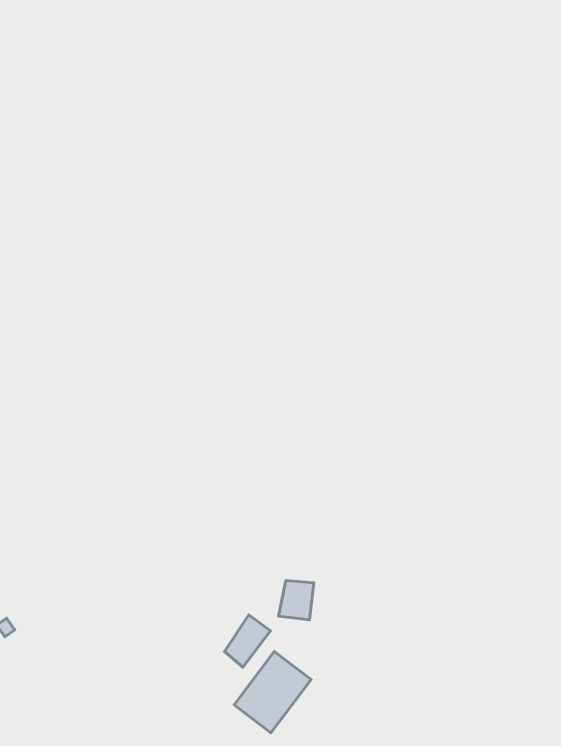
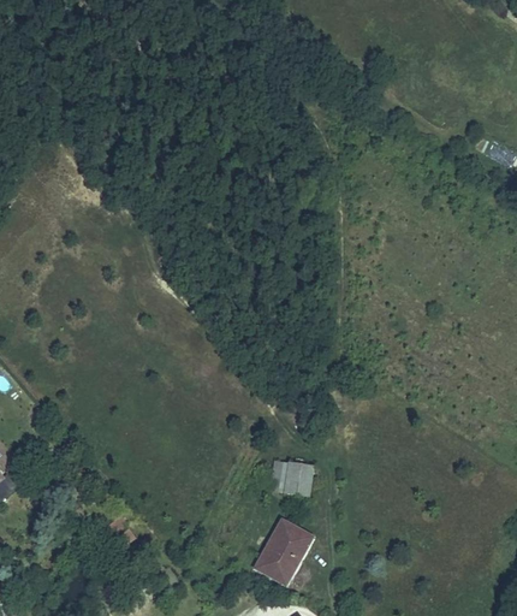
building: [225,615,271,667] -> none

